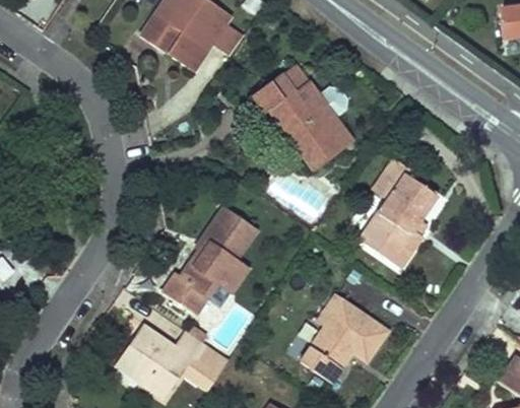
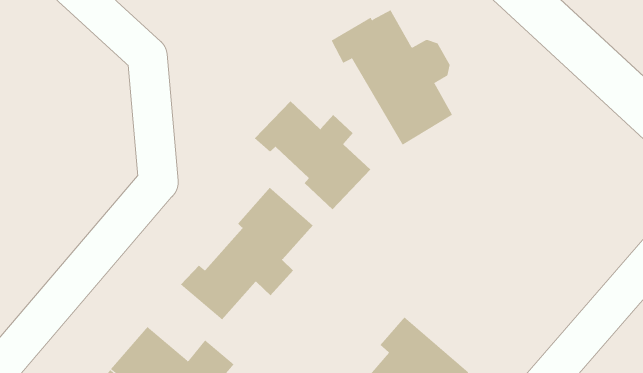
building: none -> [254,101,371,210]
building: [361,156,438,269] -> none

